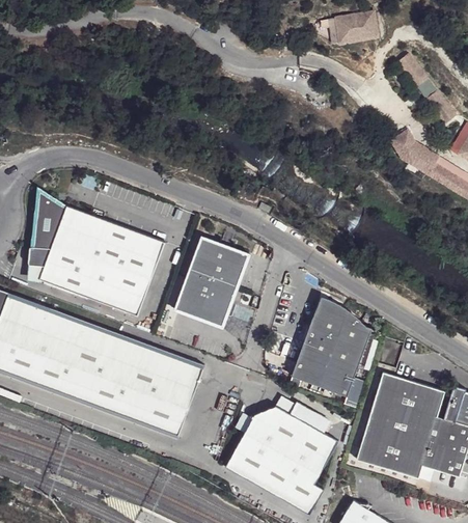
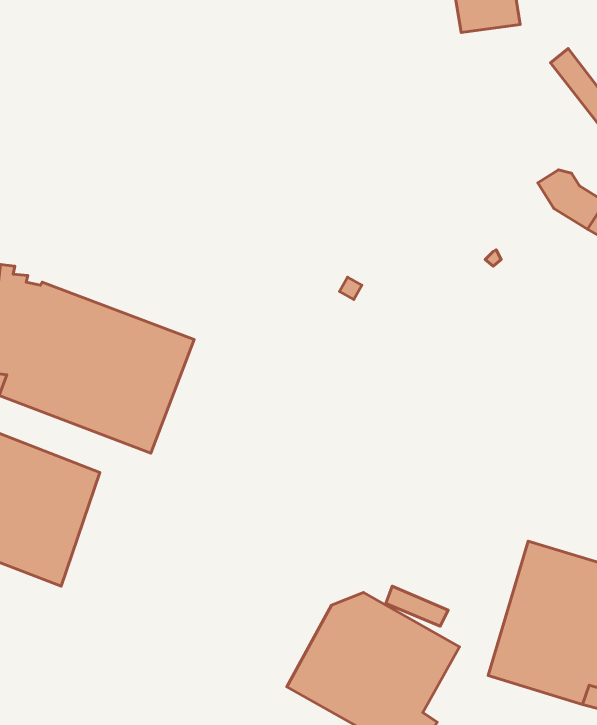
building: [173,237,248,328] -> none
building: [291,296,370,396] -> none
building: [79,328,203,438] -> none

